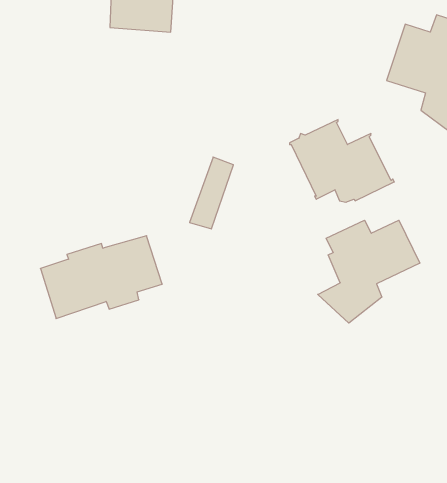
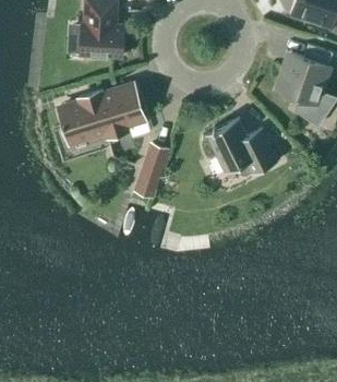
building: [318,220,420,323] -> none
building: [40,236,162,319] -> [59,85,144,143]

